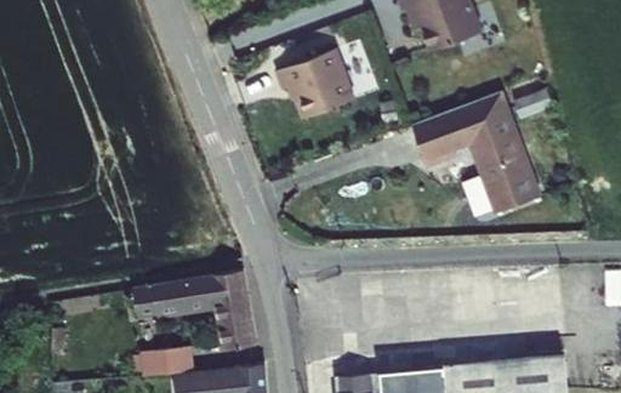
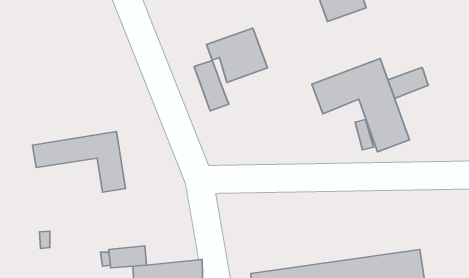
building: none -> [194,60,229,111]
building: none -> [388,67,428,98]
building: [136,268,258,348] -> [32,131,126,192]

